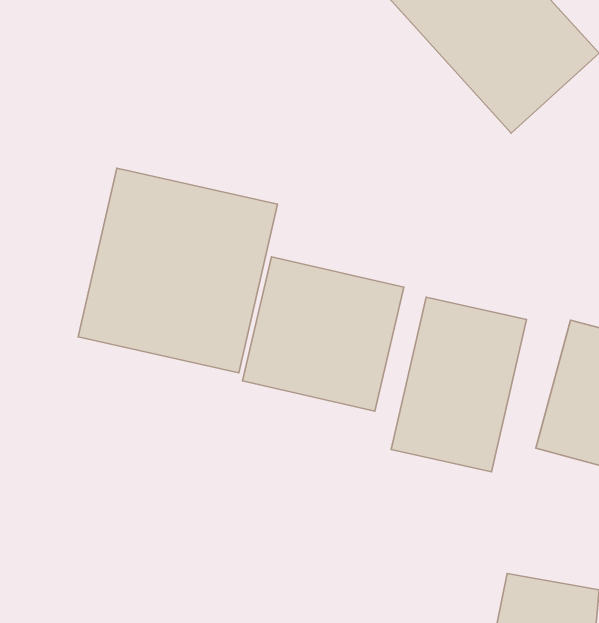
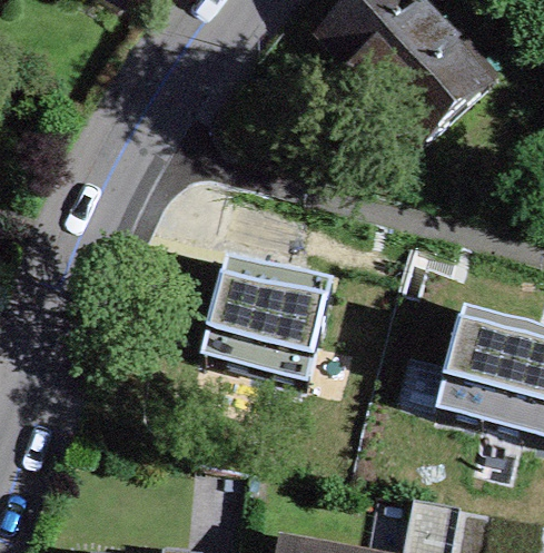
building: [78,168,277,373] -> none
building: [391,297,526,472] -> none

